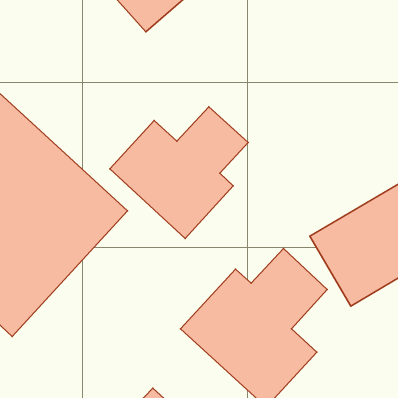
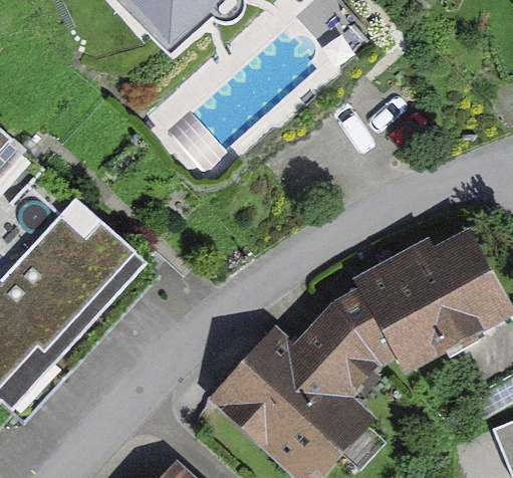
building: [110,107,248,238] -> none

